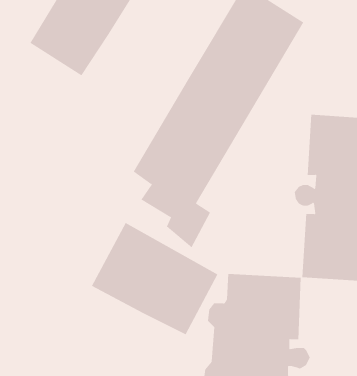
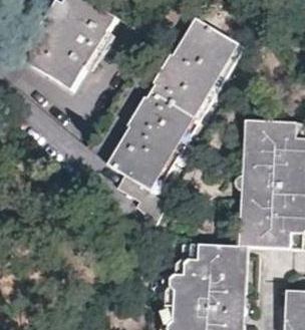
building: [91,222,218,335] -> none

